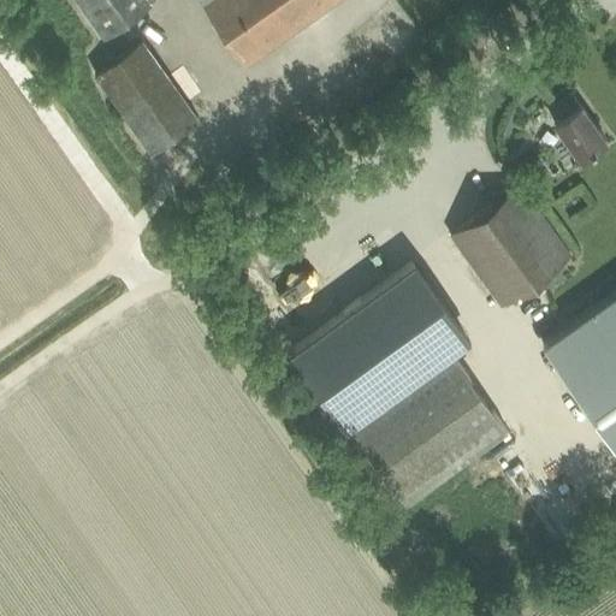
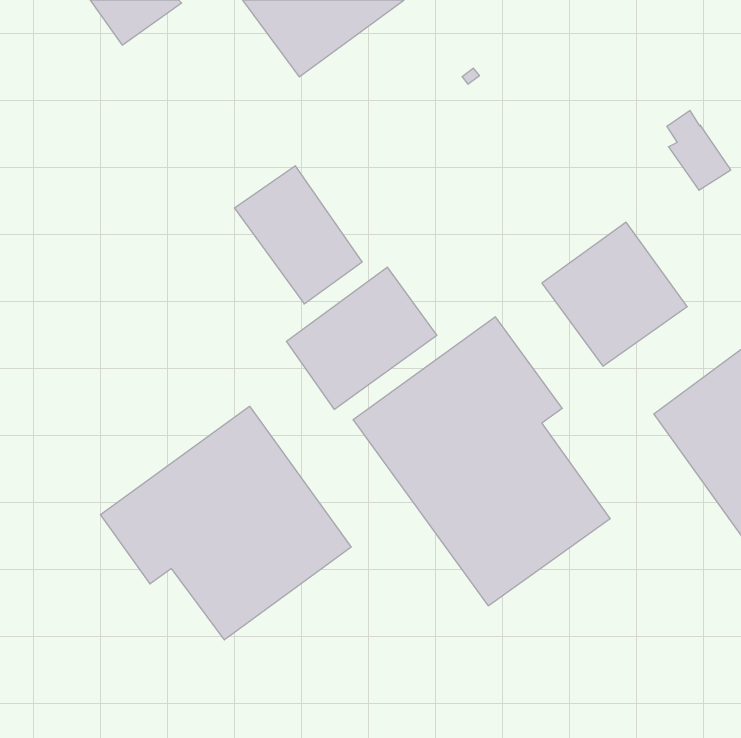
building: [93,41,199,155] -> [234,166,362,304]
building: none -> [286,267,437,409]
building: none -> [100,406,351,640]

